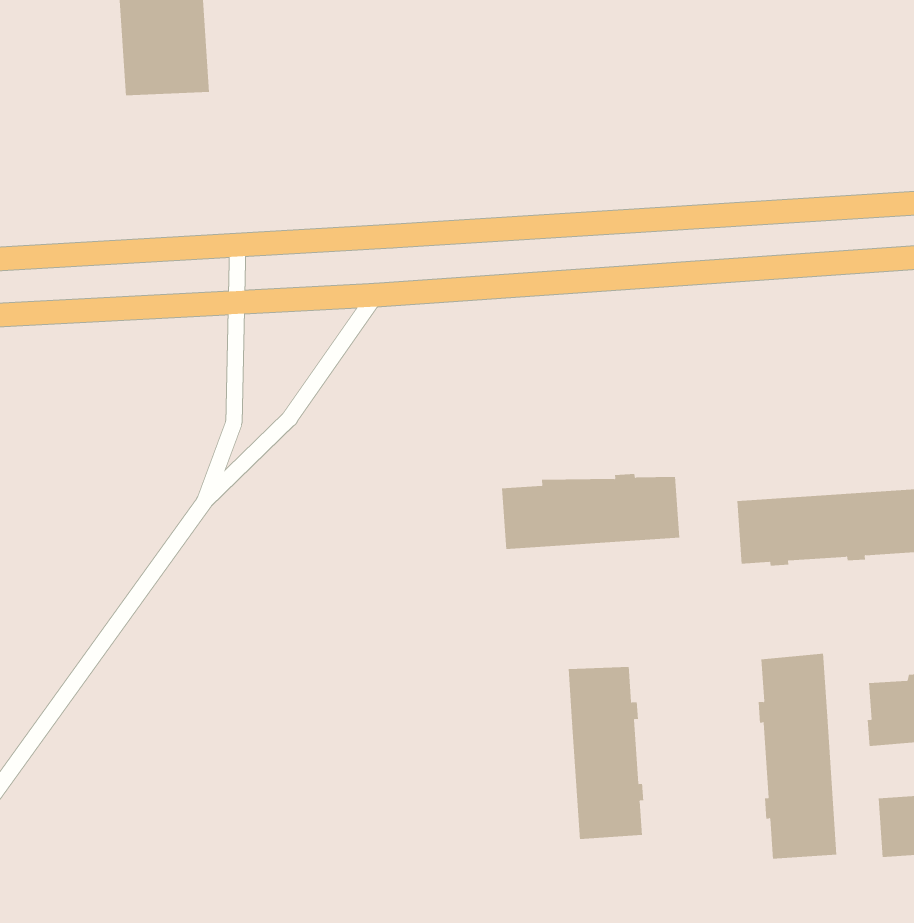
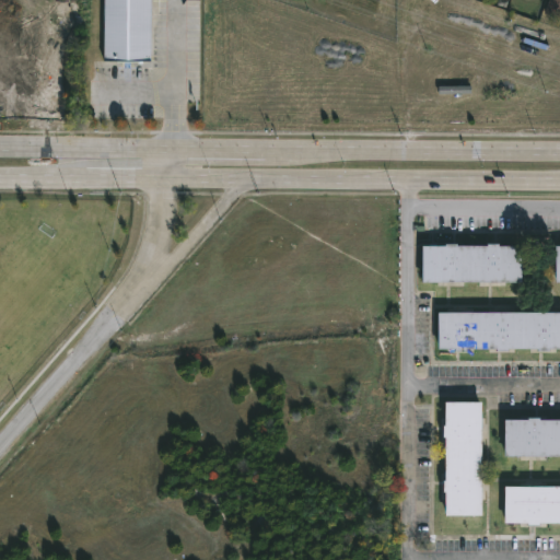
building: [501,473,680,550] -> [421,243,521,281]
building: [568,666,644,840] -> none

